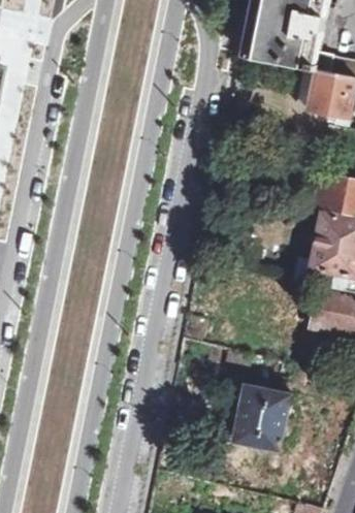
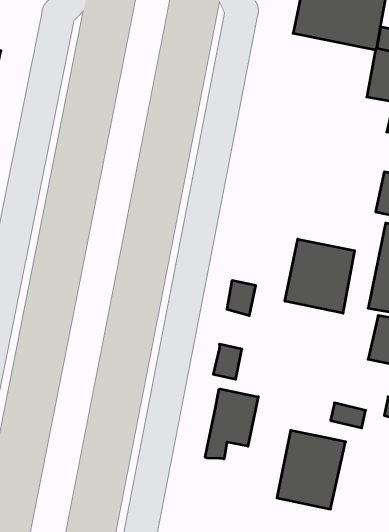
building: none -> [285,239,355,313]
building: none -> [205,389,258,459]

